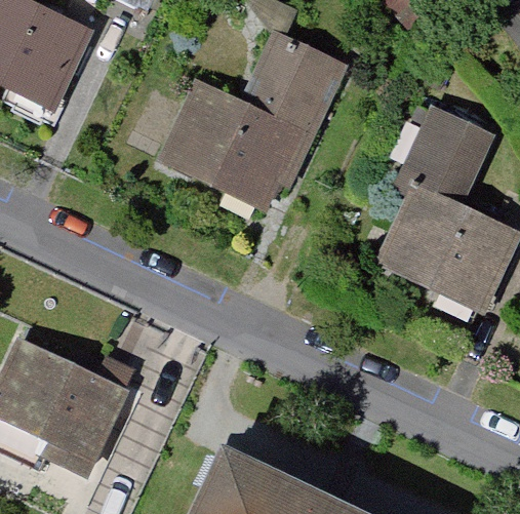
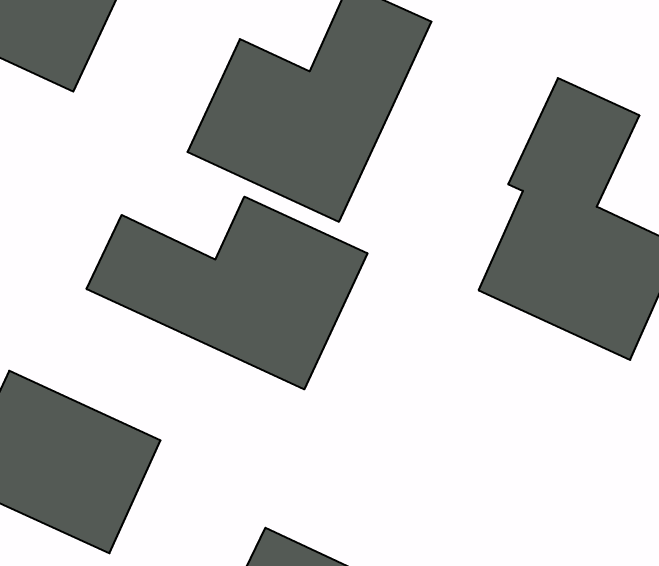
building: none -> [87,197,367,389]

